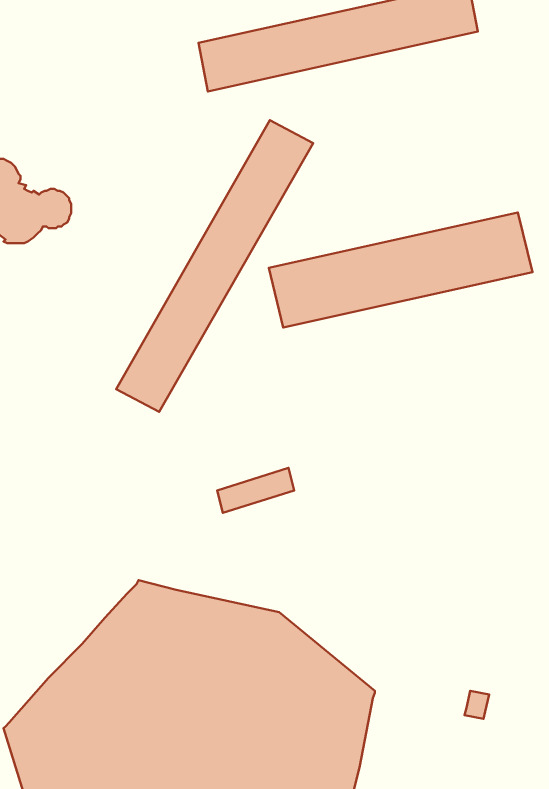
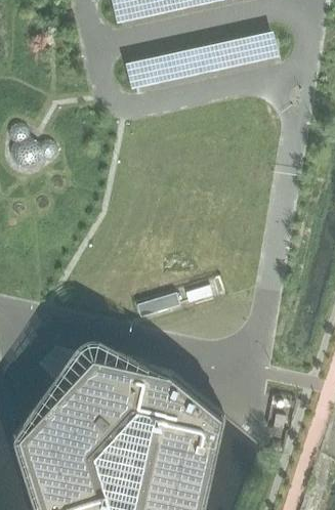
building: [116,120,313,412] -> none
building: [269,213,532,327] -> none

